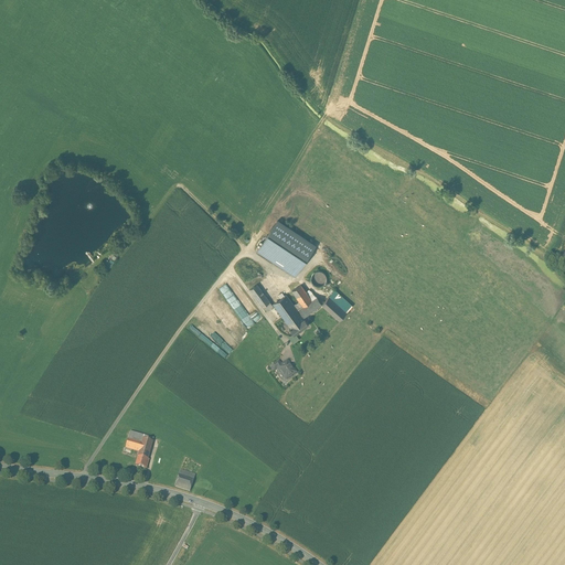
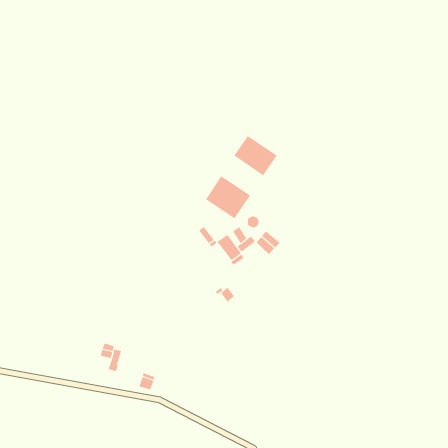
building: none -> [234,135,277,176]

